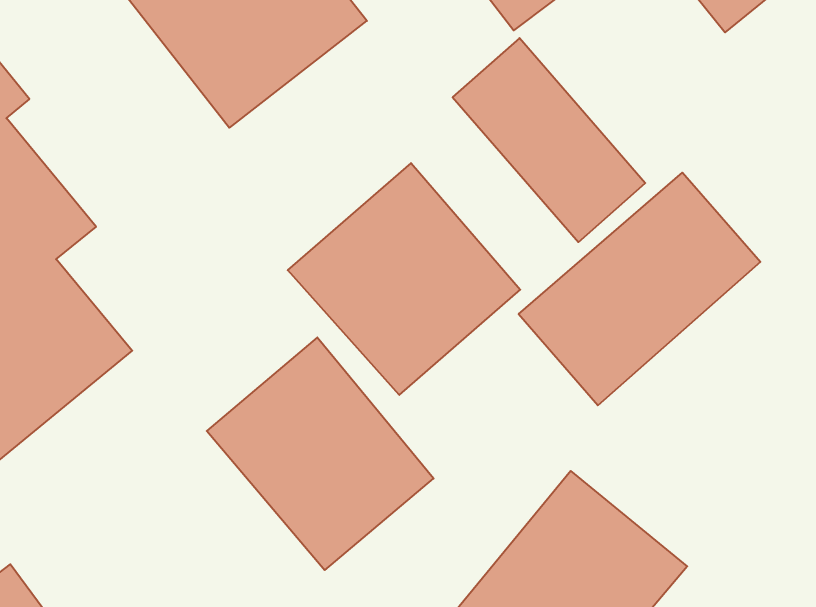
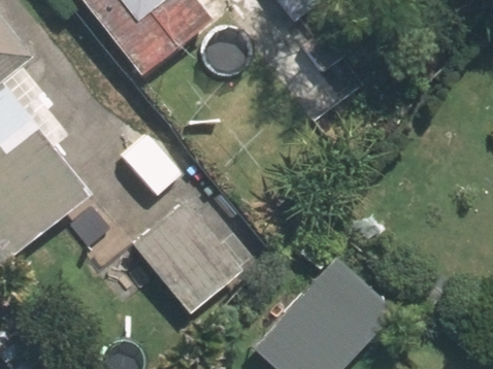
building: [288,163,520,395] -> none
building: [519,173,760,405] -> none

